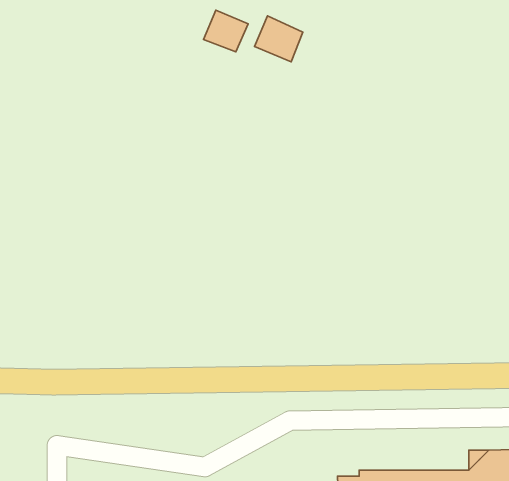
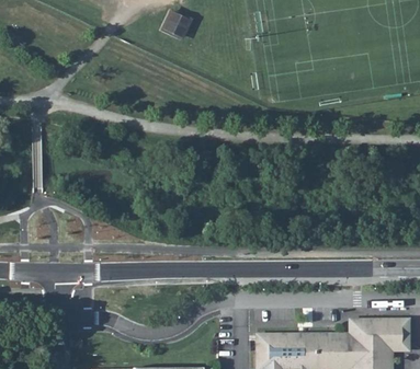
building: [254,16,303,62] -> none

